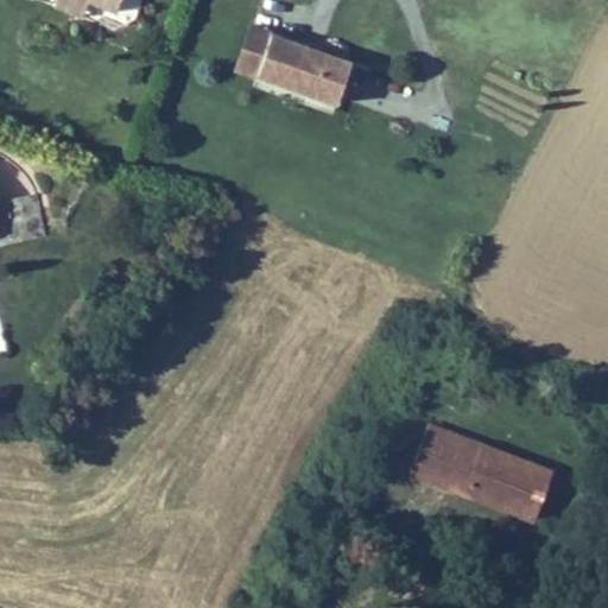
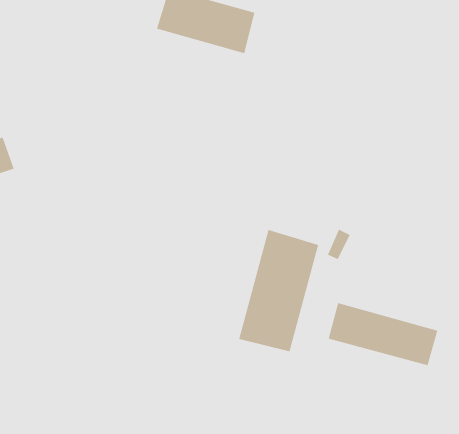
building: none -> [239,229,319,352]

